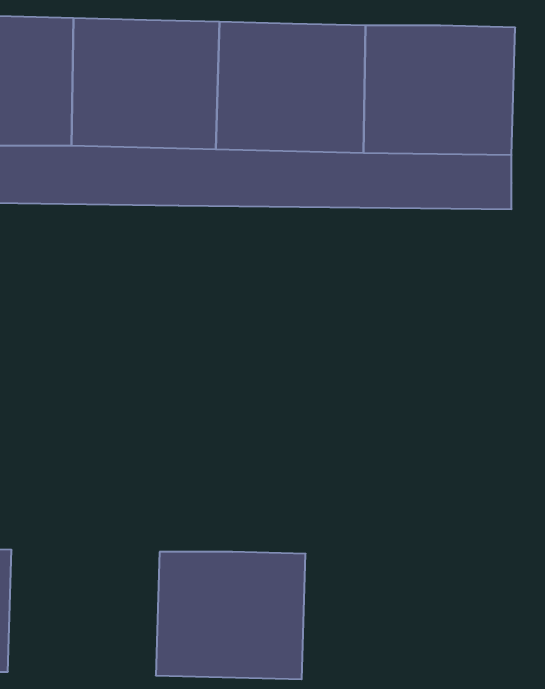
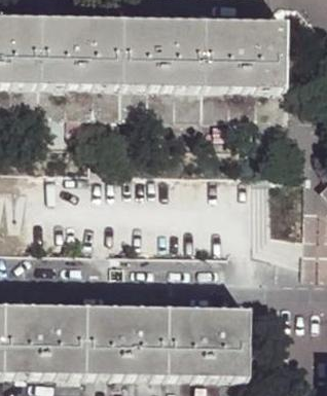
building: none -> [5,304,88,373]
building: none -> [167,307,250,375]

